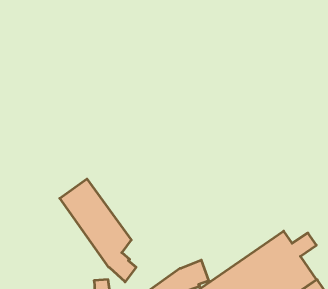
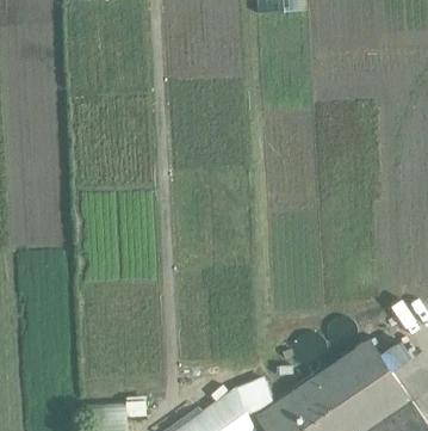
building: [60,179,136,282] -> none

